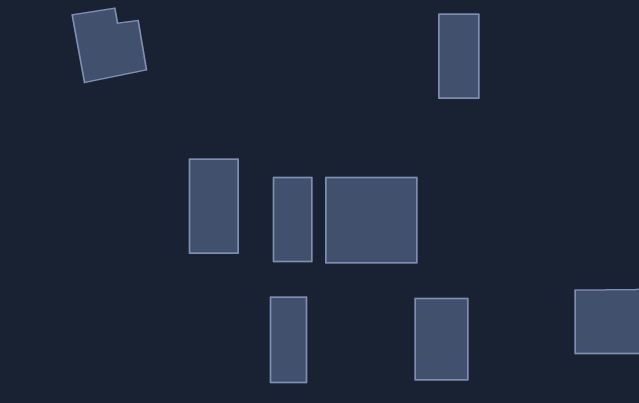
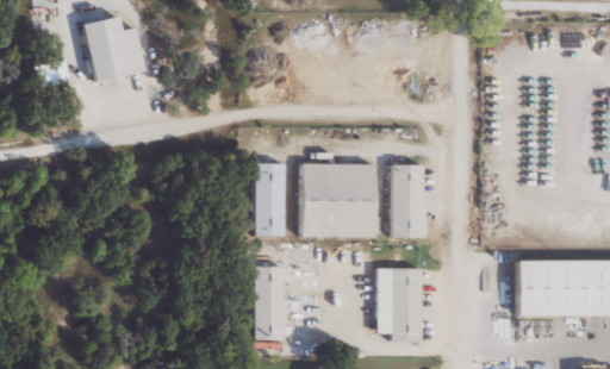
building: [439,14,479,98] -> [392,164,427,237]
building: [189,159,238,253] -> none

